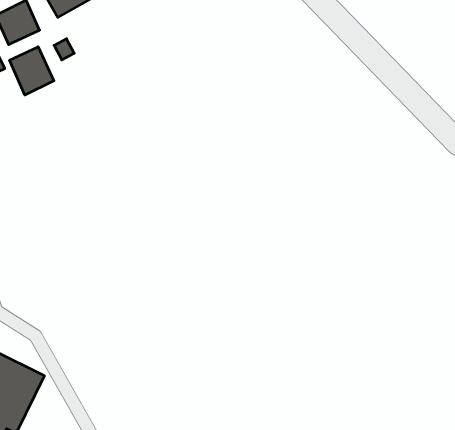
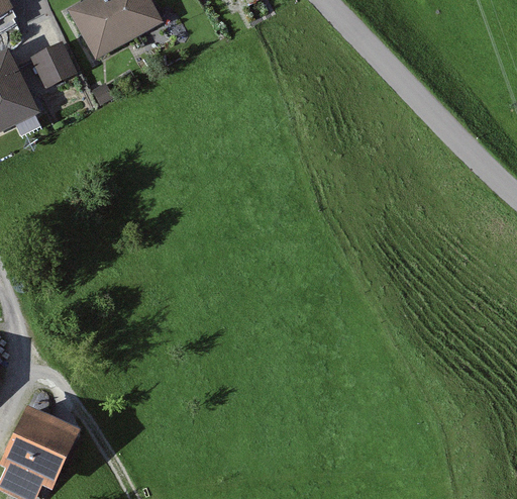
building: [10,47,54,95] -> none

